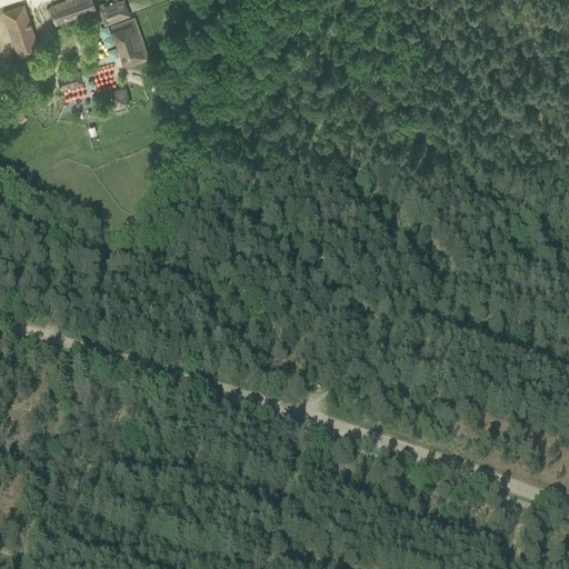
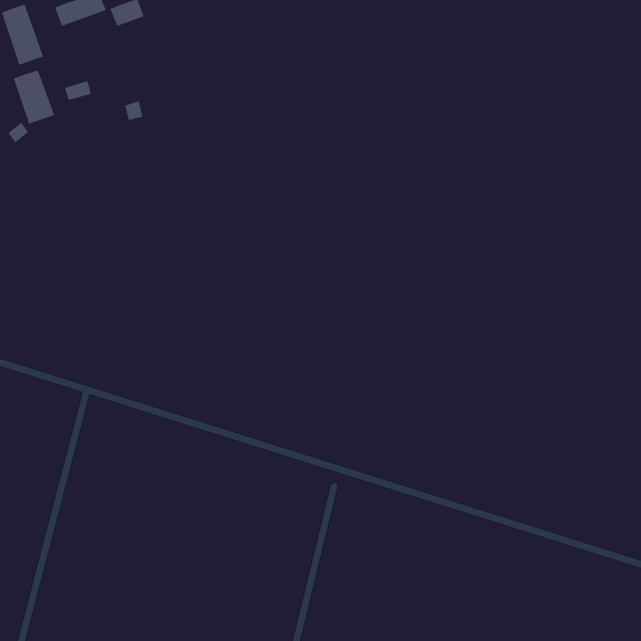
building: [112,17,148,64] -> none
building: none -> [13,70,55,124]

